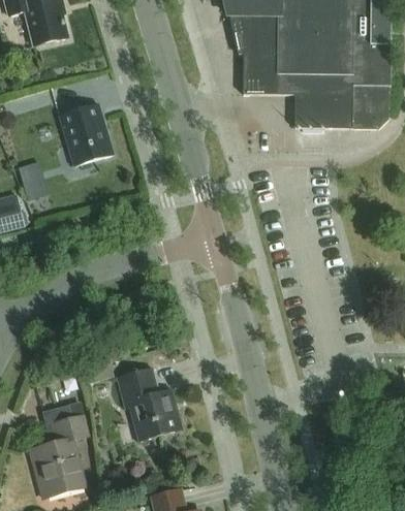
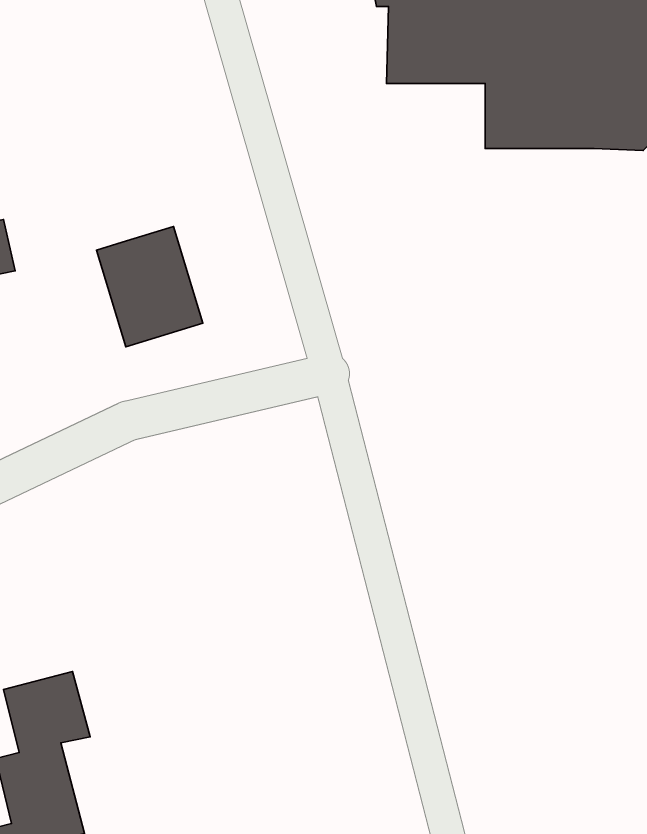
building: [58,102,114,165] -> [96,226,203,347]
building: [115,368,182,440] -> none

